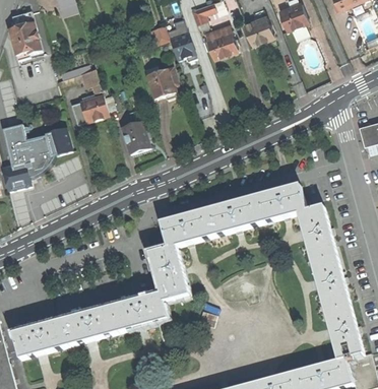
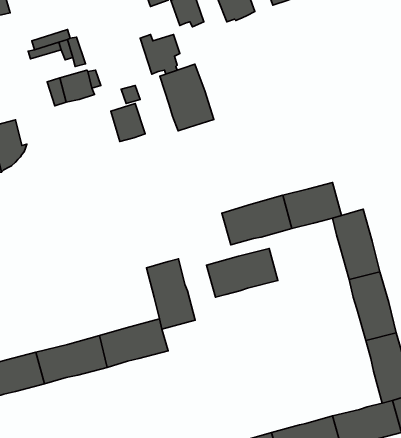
building: none -> [160,64,214,131]
building: [45,127,71,155] -> none
building: [161,209,217,248] -> [207,249,278,297]

